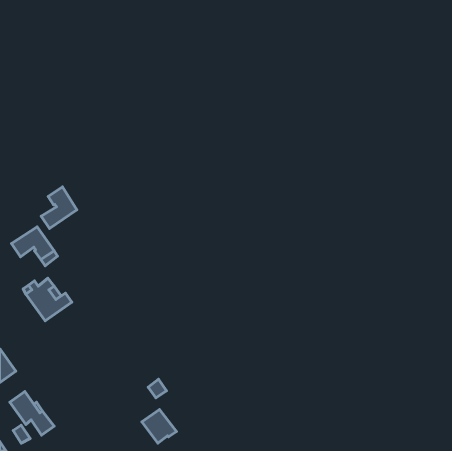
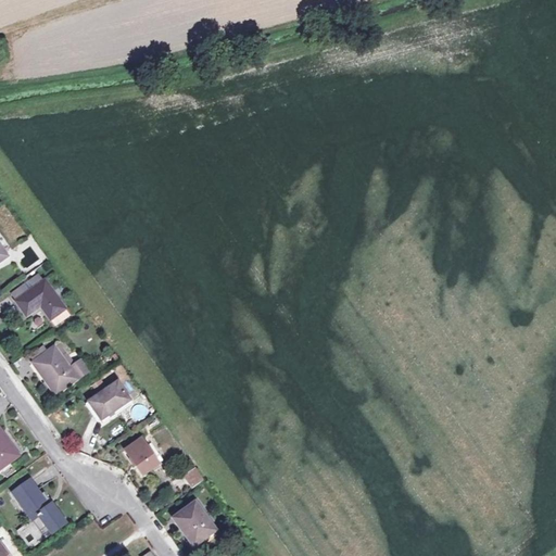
building: [41,187,77,228] -> none
building: none -> [88,380,130,421]
building: none -> [125,437,159,473]

